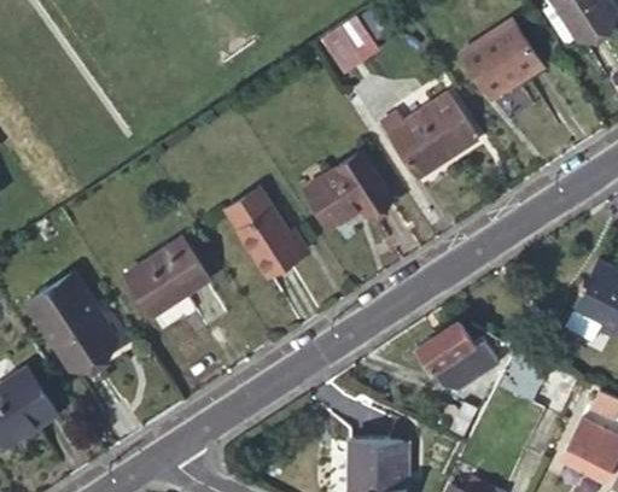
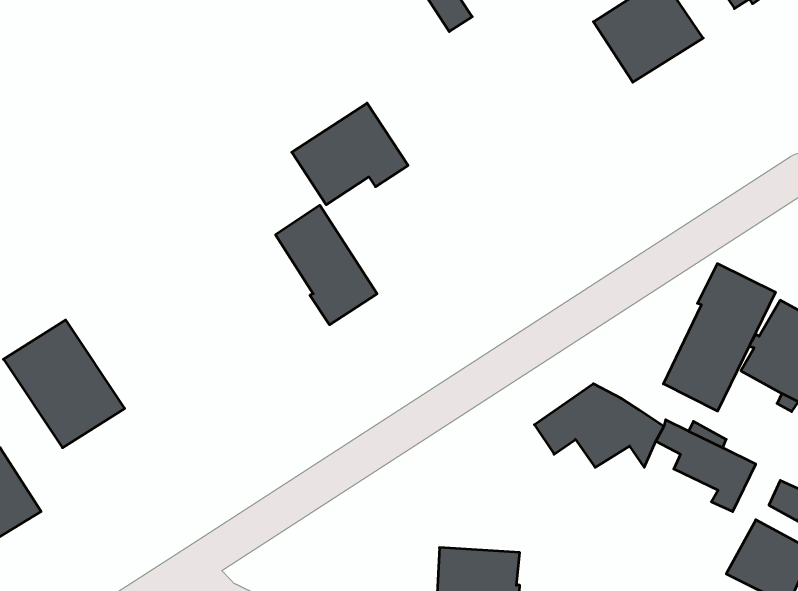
building: [381,94,478,180] -> none
building: [307,152,392,227] -> [292,103,408,205]
building: none -> [663,264,775,411]
building: [127,240,210,316] -> none

